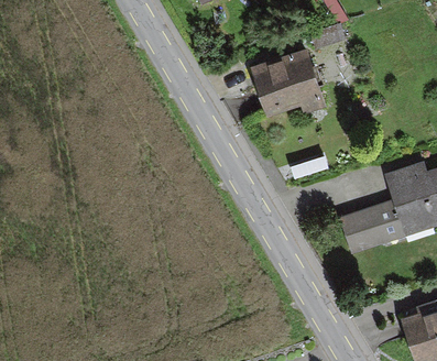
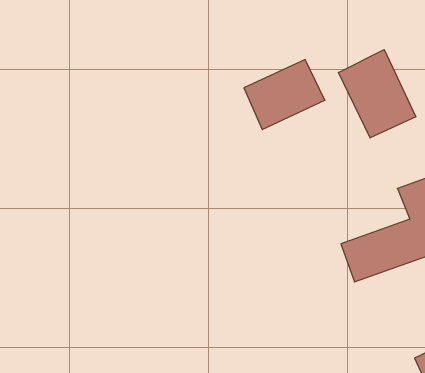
building: none -> [338,50,416,138]

